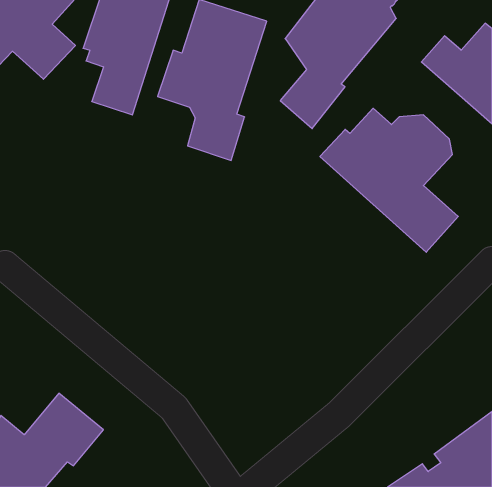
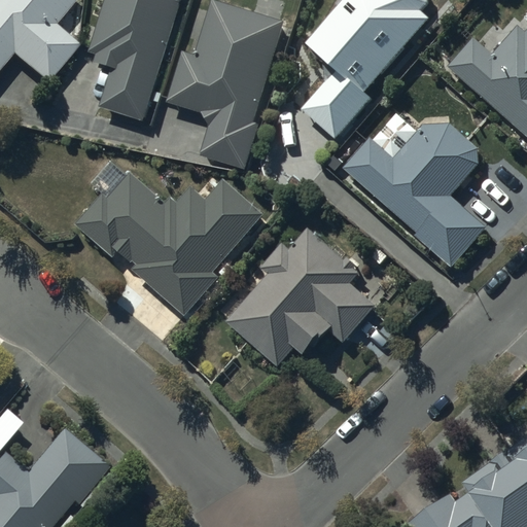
building: none -> [75,174,265,317]
building: none -> [227,229,378,367]

